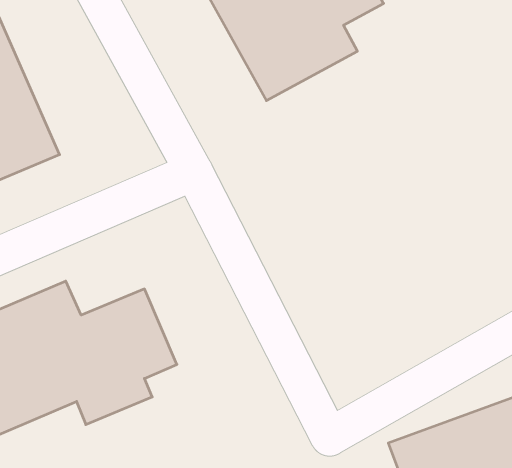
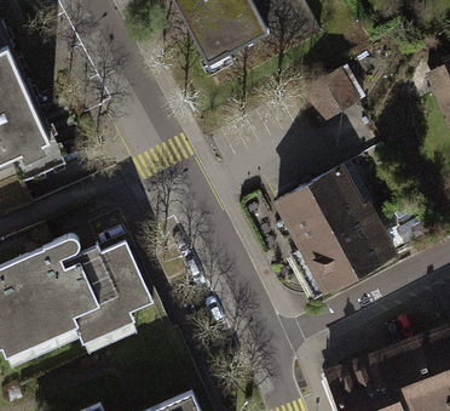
building: none -> [272,165,399,298]

